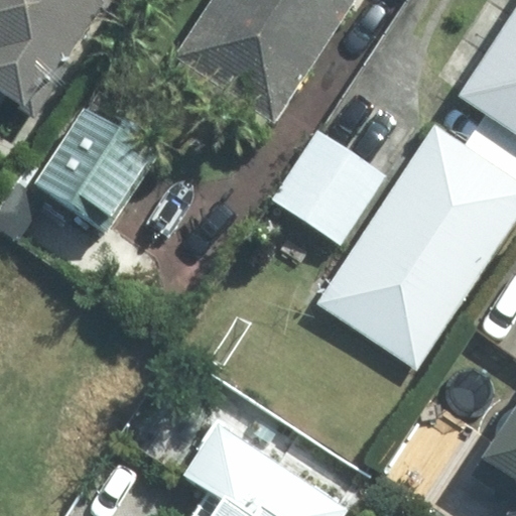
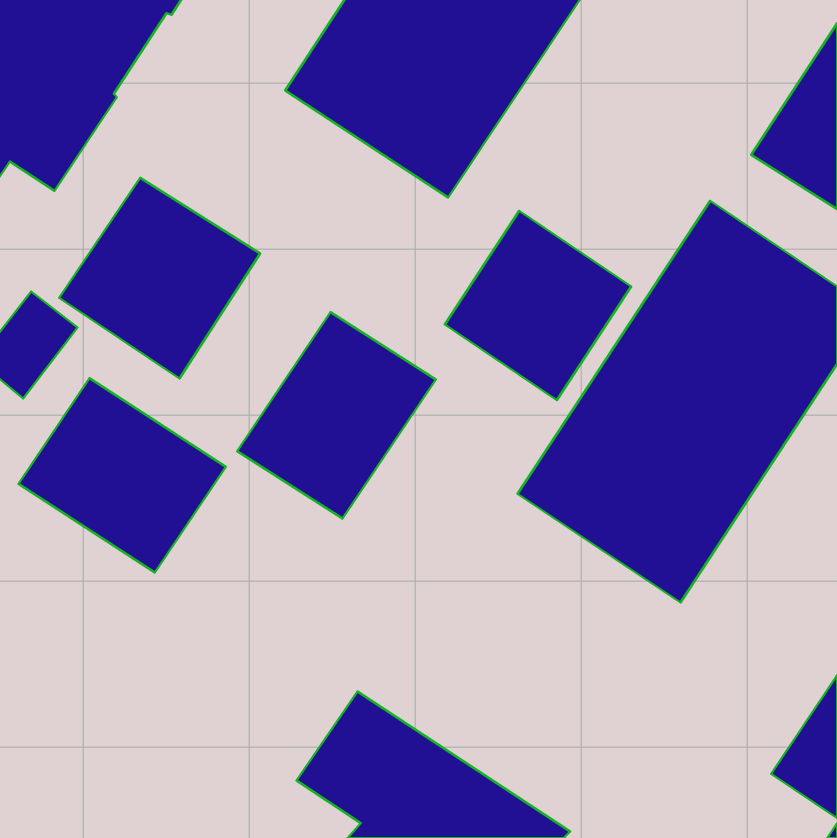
building: none -> [237,312,436,518]
building: none -> [19,378,226,573]

